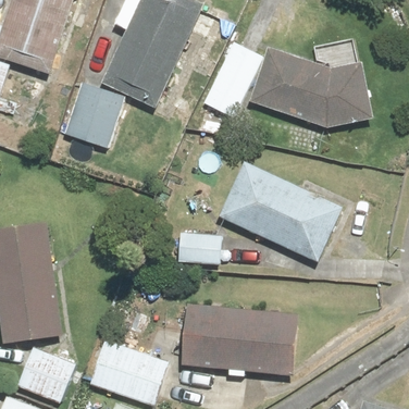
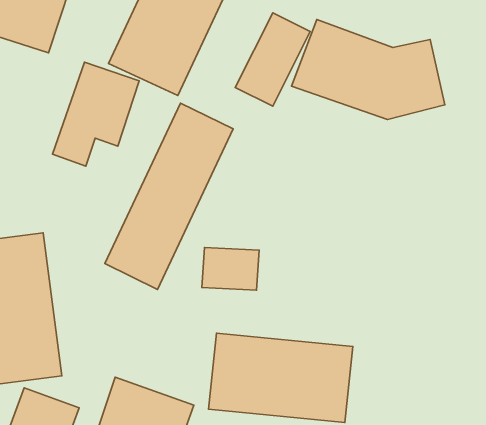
building: none -> [105,103,233,289]
building: [218,160,343,263] -> none

